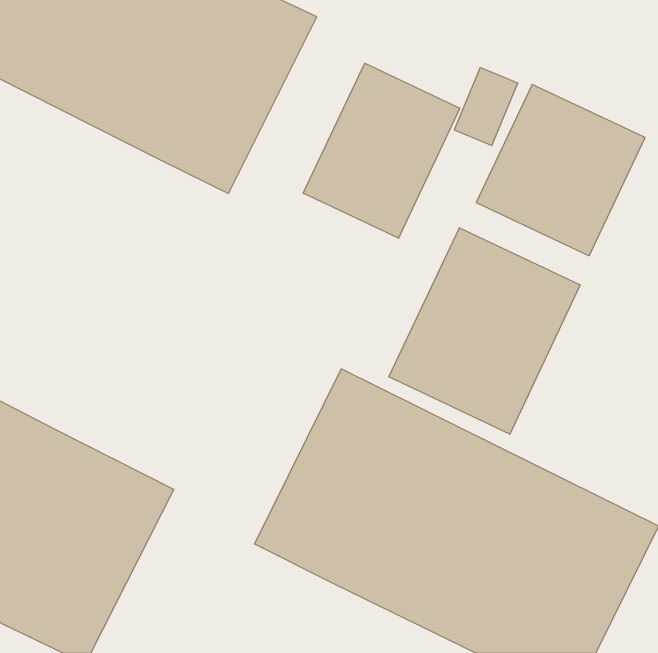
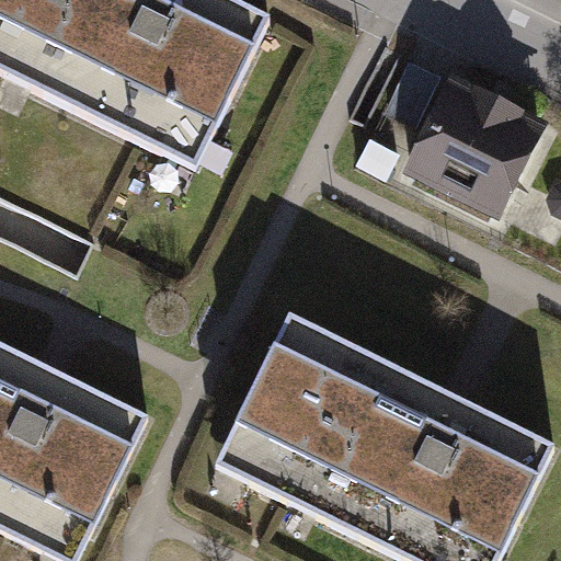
building: [303,63,460,238] -> none
building: [389,228,580,434] -> none

